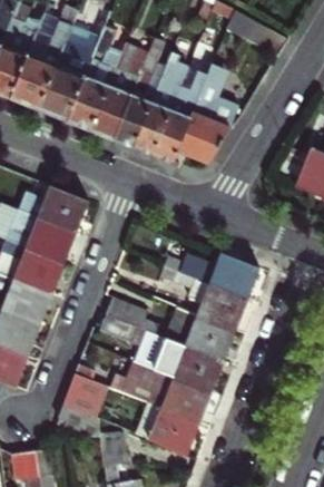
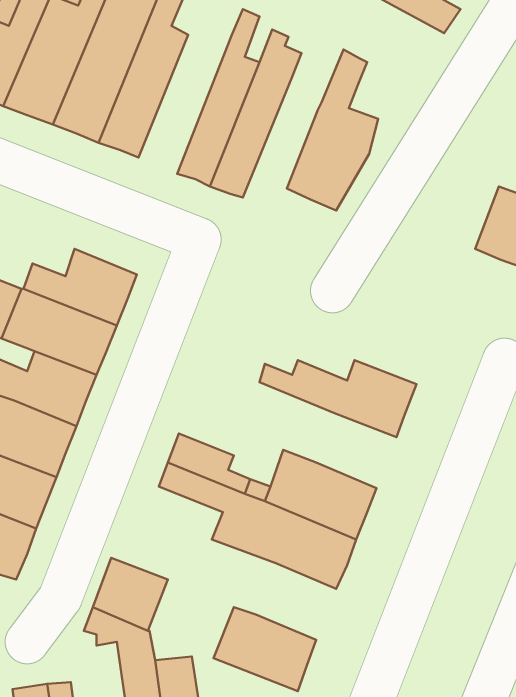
building: [90,46,147,140] -> none
building: [154,81,199,164] -> none
building: [160,267,247,332] -> none
building: [112,363,210,425] -> none

